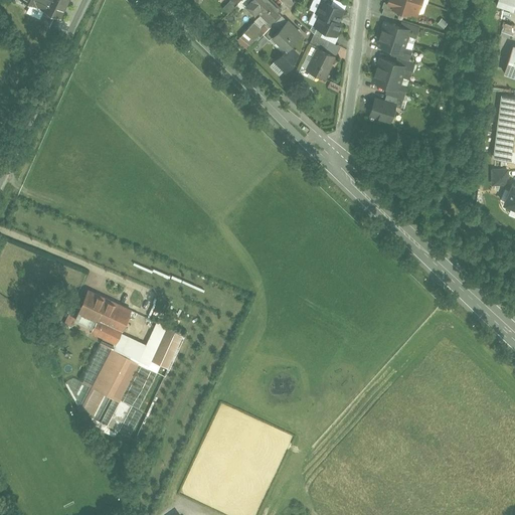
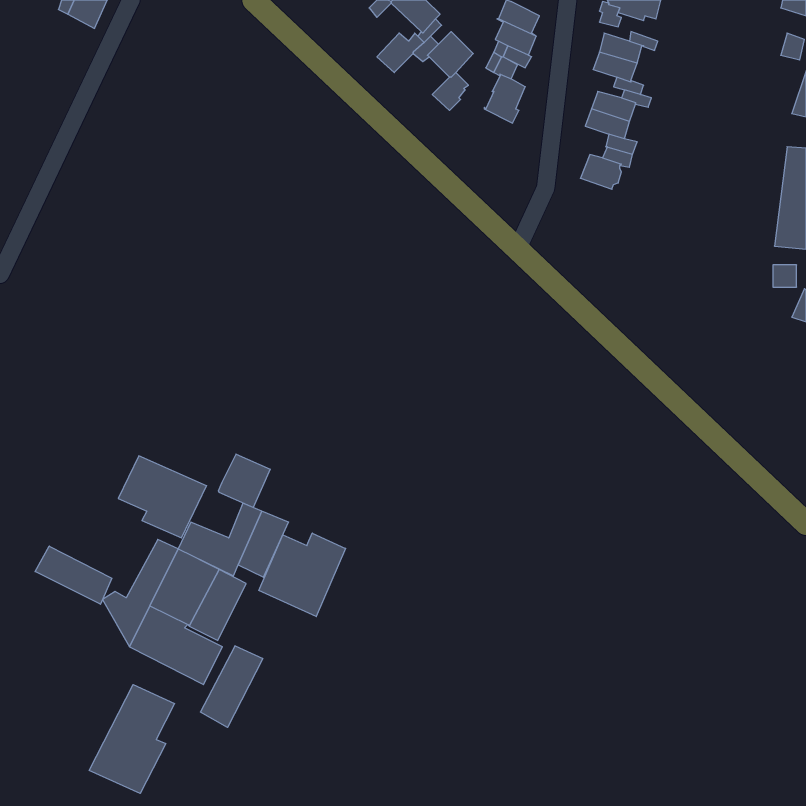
building: none -> [218,454,270,507]
building: none -> [259,533,346,617]
building: none -> [35,546,112,604]
building: none -> [200,646,263,727]
building: none -> [89,685,175,793]

